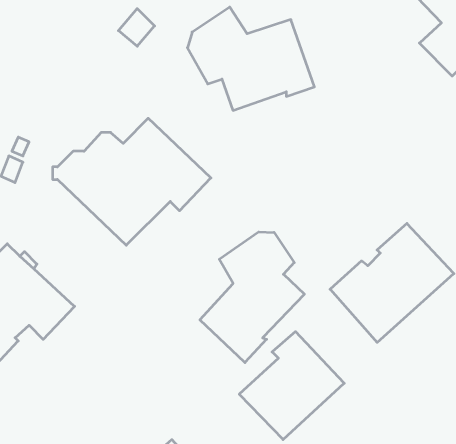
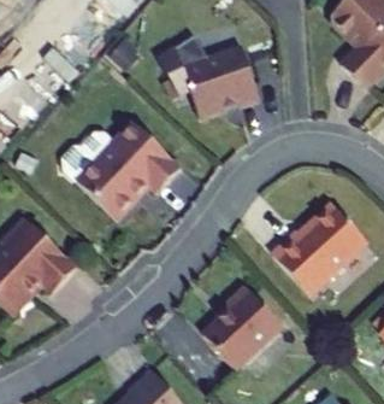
building: [200,232,304,363] -> none

